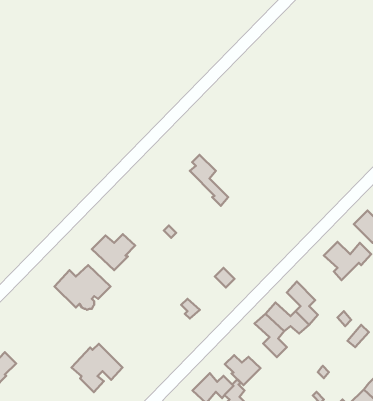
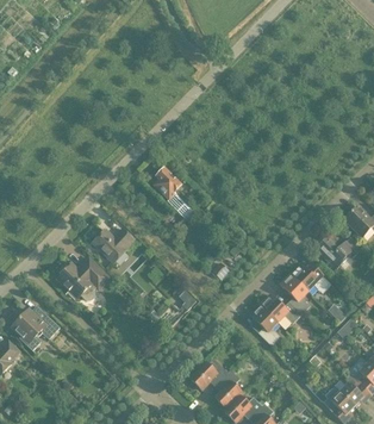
building: [190,155,228,206] -> [155,169,192,218]
building: none -> [289,263,331,293]
building: [71,344,122,392] -> [11,305,60,351]
building: [225,355,261,385] -> none

